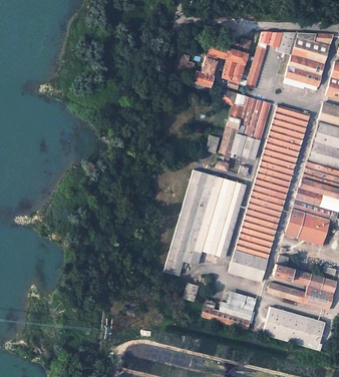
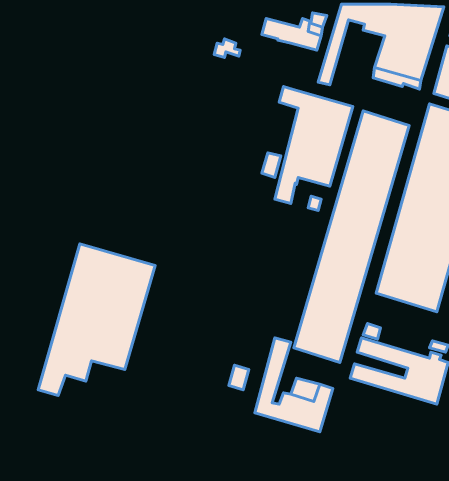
building: [194,53,218,85] -> none
building: [222,59,245,88] -> none
building: [164,169,246,275] -> [38,244,155,395]
building: [263,306,325,349] -> none

